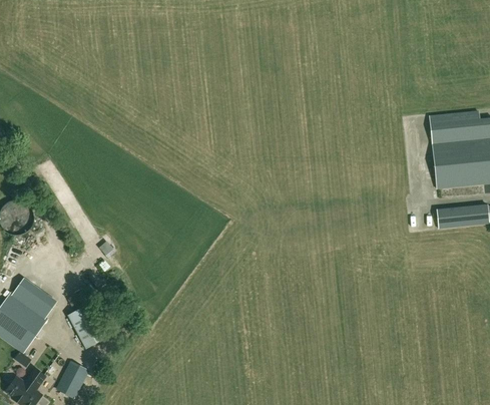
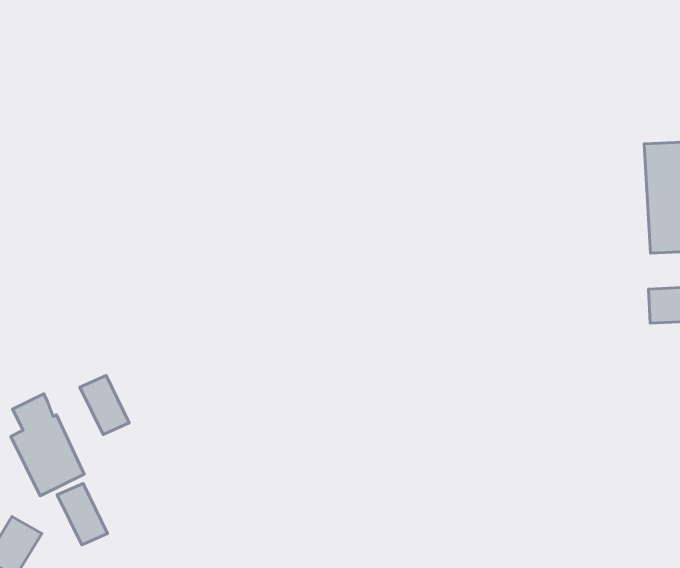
building: none -> [80,376,129,434]
building: none -> [57,483,108,545]

